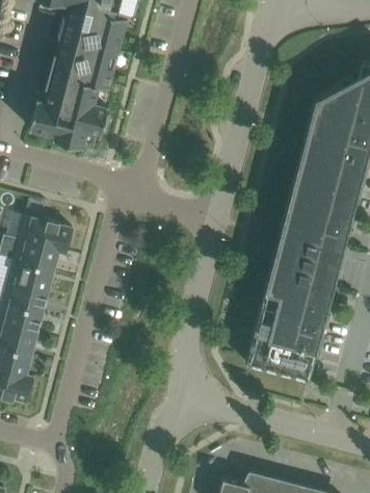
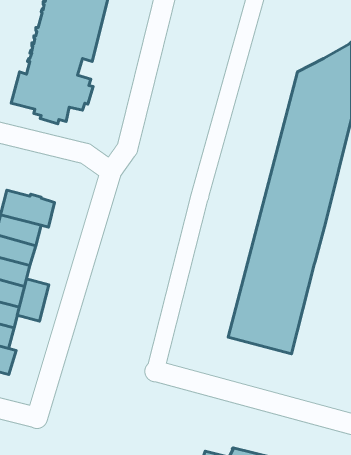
building: none -> [17,279,49,321]

